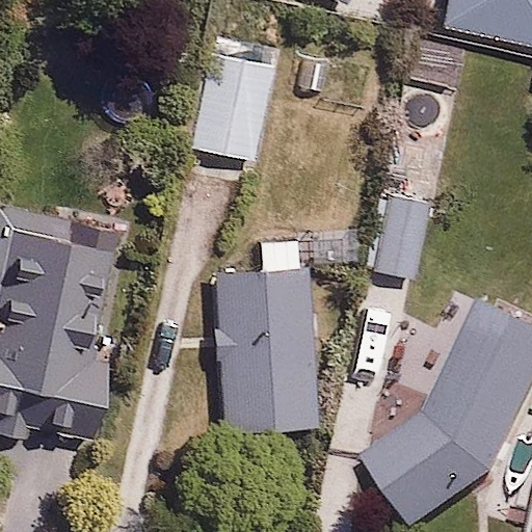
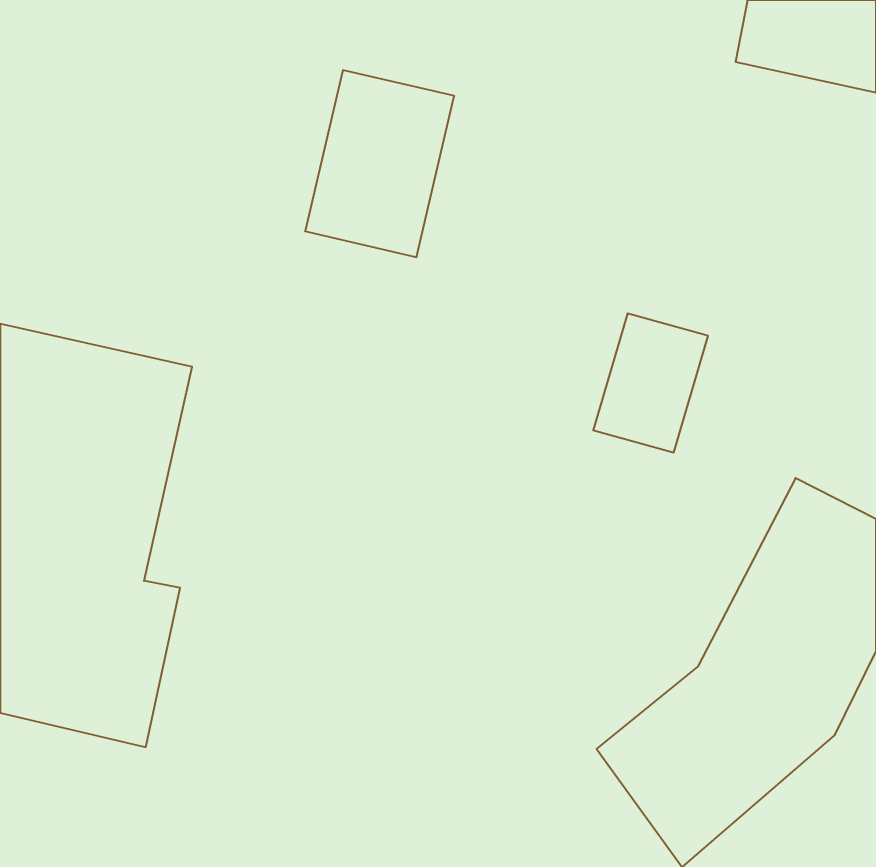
building: [208,238,349,425] -> none

